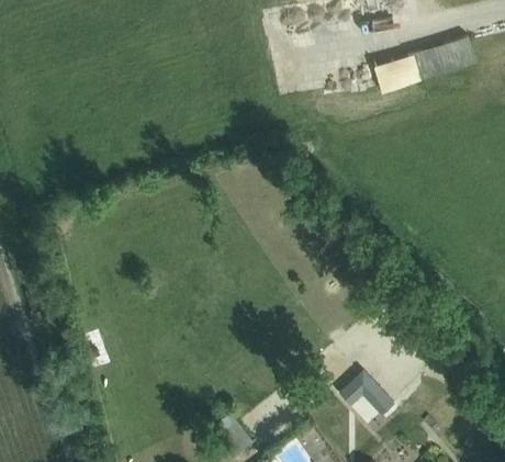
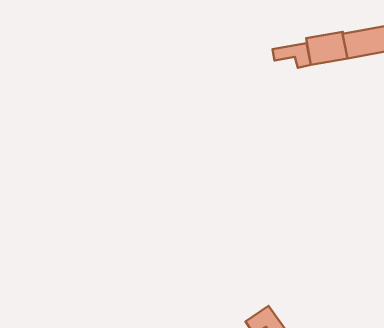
building: none -> [273,43,311,68]

